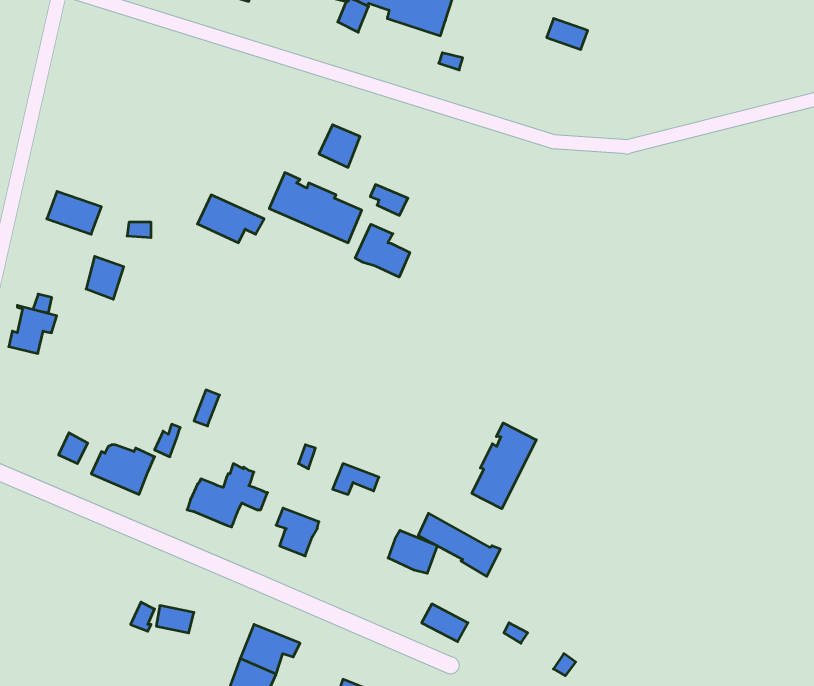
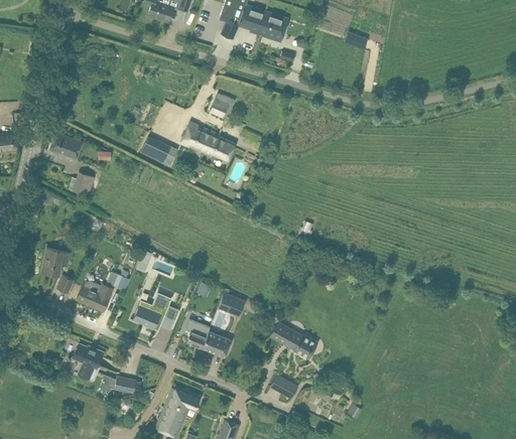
building: [355,224,410,277] -> none
building: [9,305,57,353] -> [41,248,70,276]
building: [472,423,536,509] -> none
building: [388,530,438,573] -> [202,331,231,356]
building: none -> [73,343,103,379]

